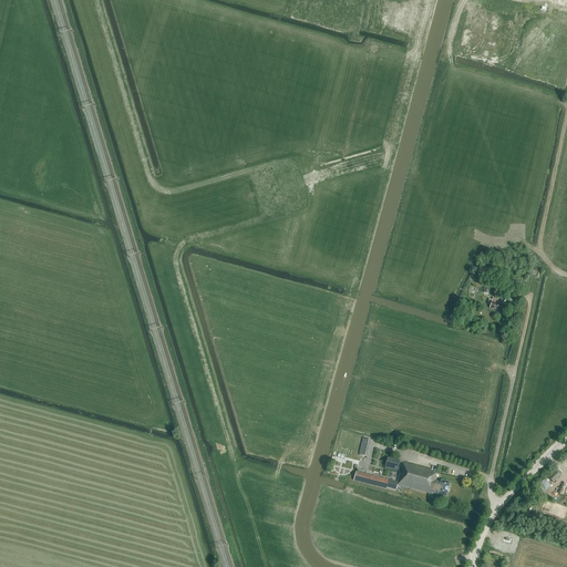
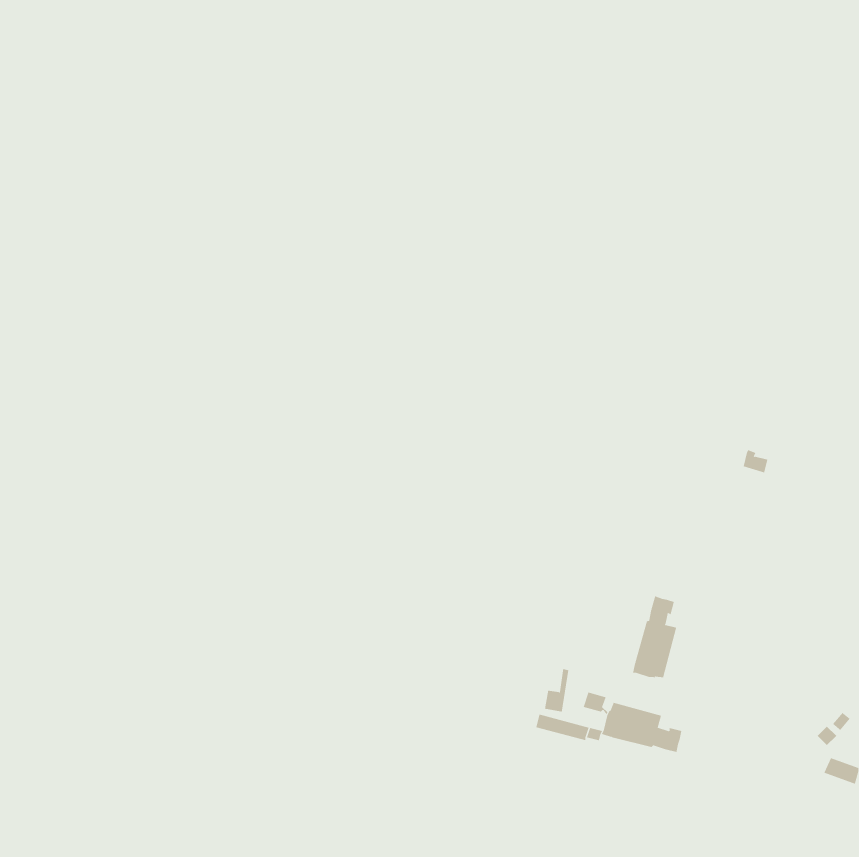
building: none -> [633,596,677,679]

